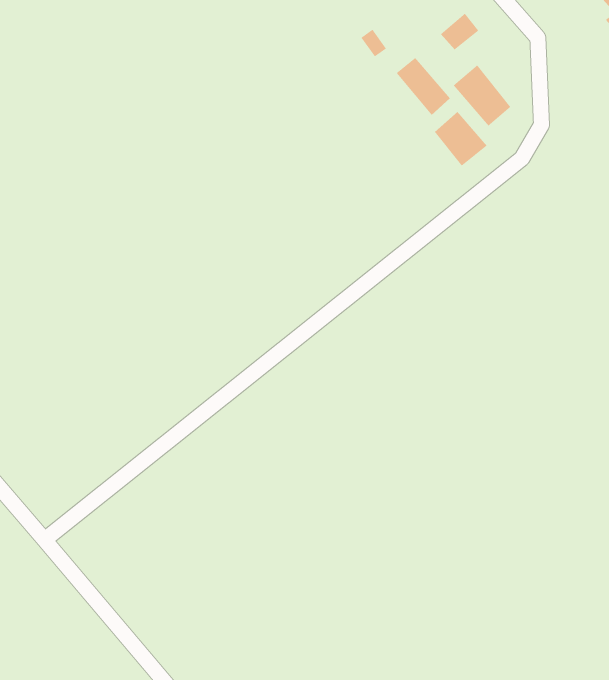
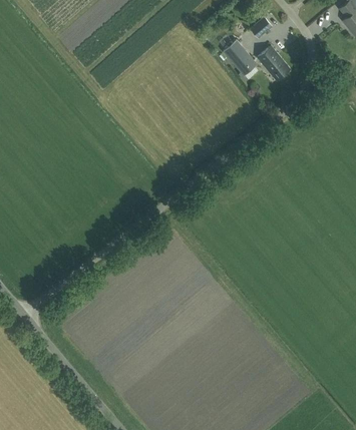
building: [434,111,487,166] -> none

